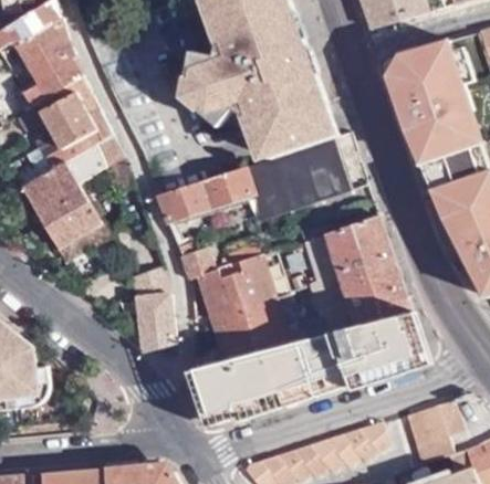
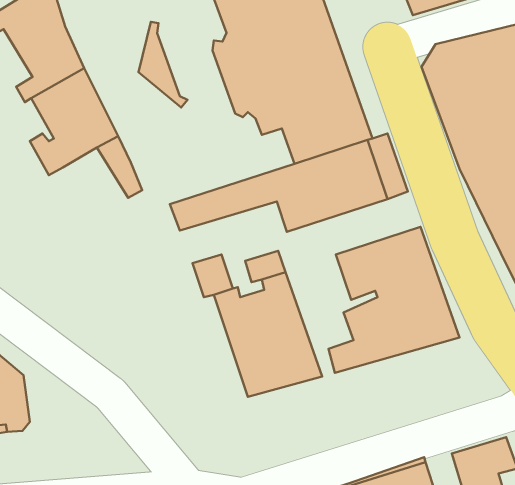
building: [179,51,222,126] -> [138,22,187,108]
building: [20,164,100,248] -> none
building: [129,265,173,356] -> none
building: [196,313,427,429] -> none

